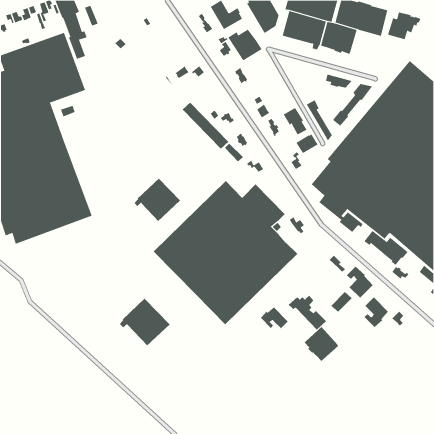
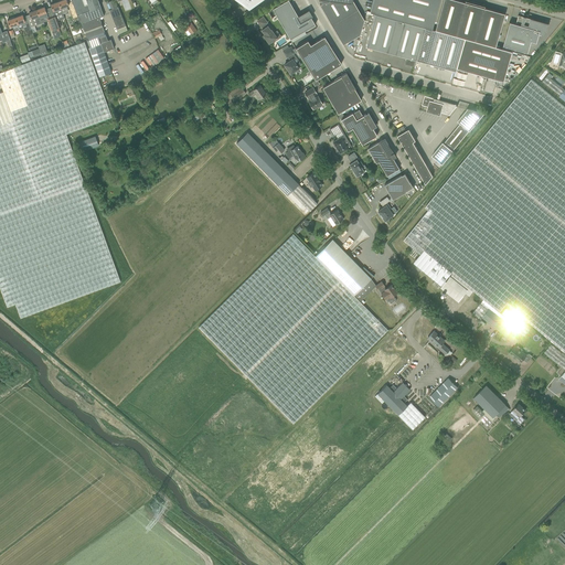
building: none -> [456,39,511,93]
building: none -> [322,73,361,114]
building: none -> [341,113,377,145]
building: [134,178,181,222] -> none
building: [346,266,373,299] -> none
building: [119,298,170,346] -> none
building: [260,306,289,330] -> none
building: [304,326,339,362] -> none

